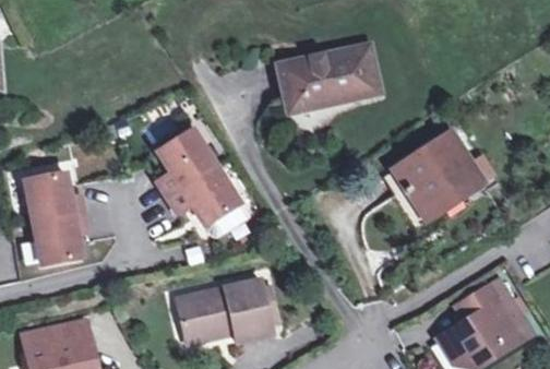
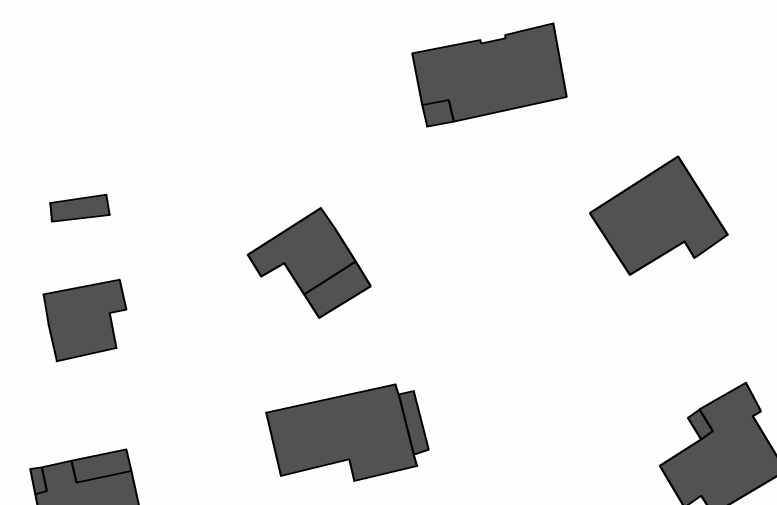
building: [157,126,216,194] -> none
building: [384,167,462,226] -> none
building: [25,172,84,221] -> none

